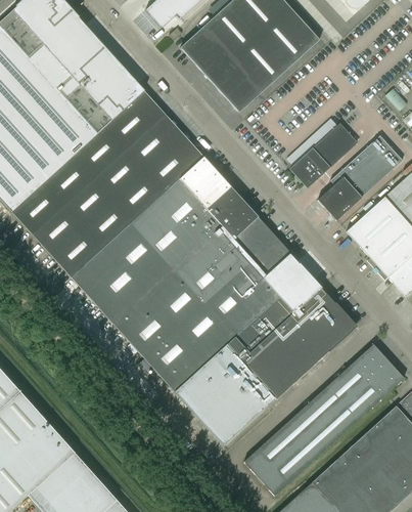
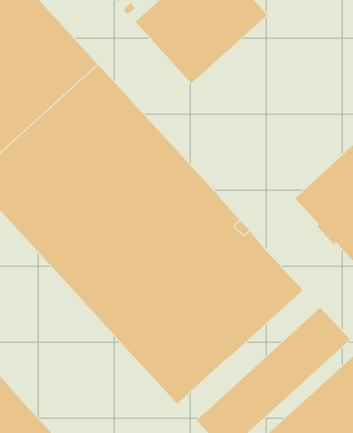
building: [289,123,356,187] -> none
building: [318,135,402,219] -> none

